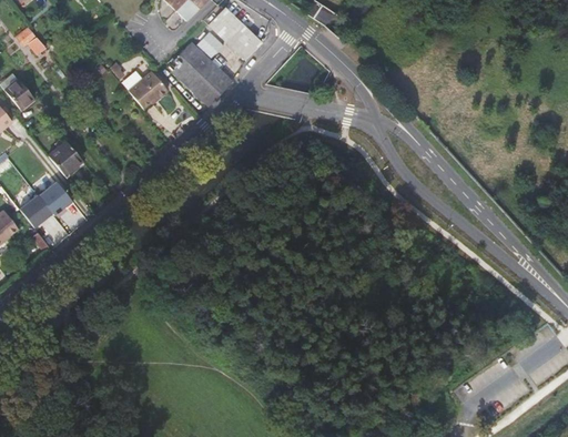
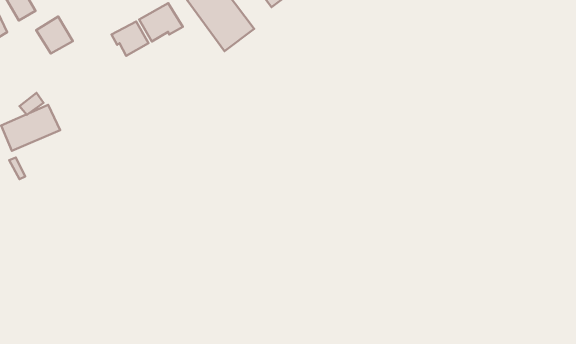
building: none -> [111,21,149,56]
building: [48,141,82,175] -> [36,16,73,54]

